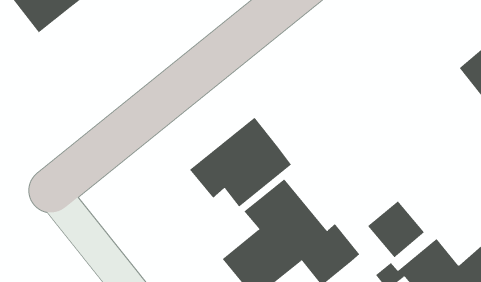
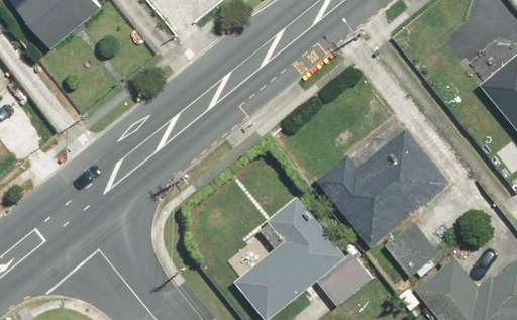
building: none -> [315,126,451,247]
building: [189,117,292,208] -> none

